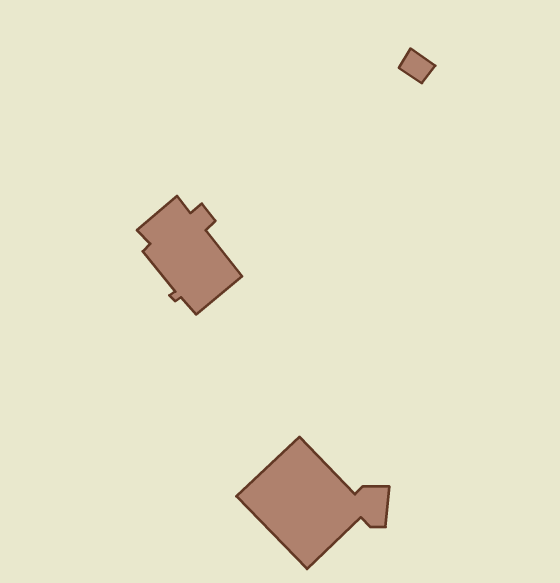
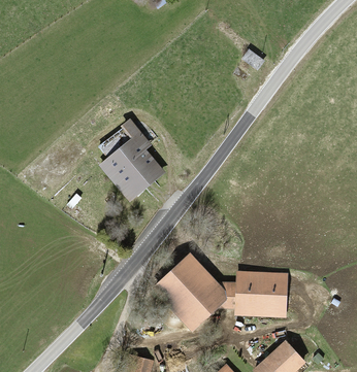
building: none -> [236,272,288,316]

